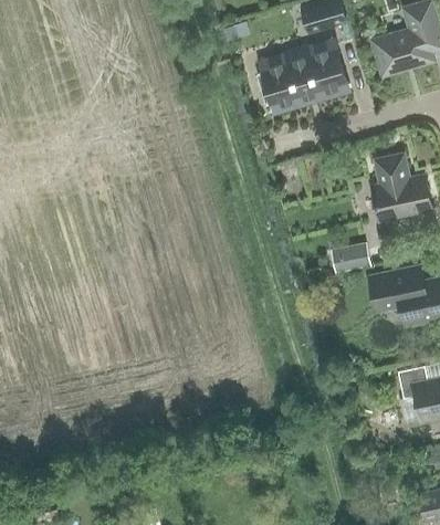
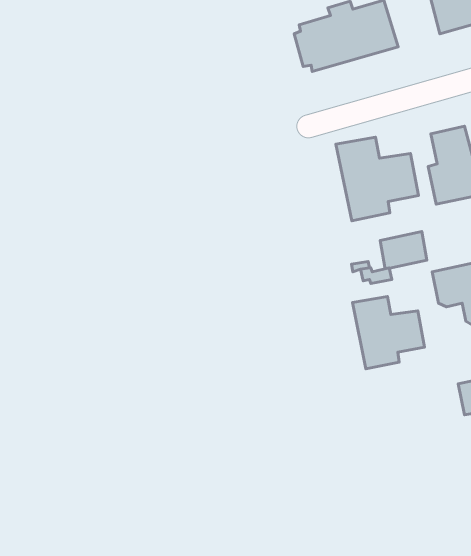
building: none -> [336,137,419,221]
building: none -> [352,296,425,369]

